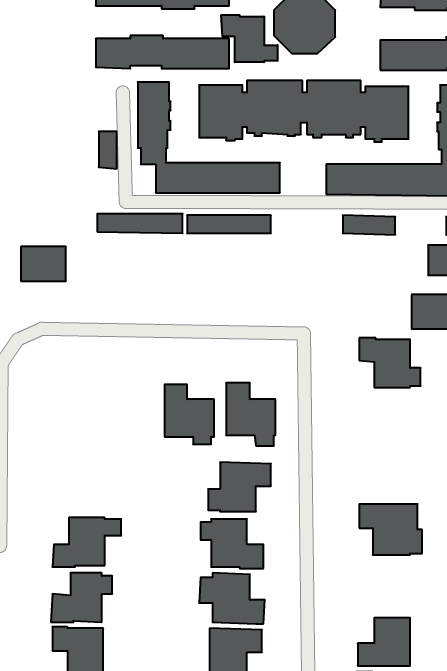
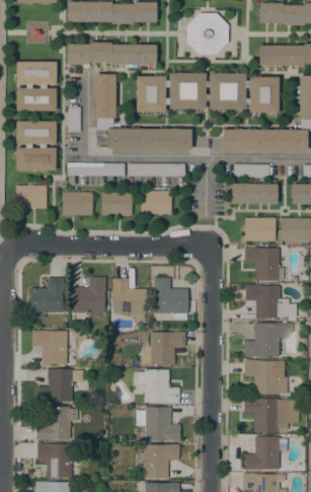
building: [221,15,278,62] -> none
building: none -> [16,62,57,112]
building: none -> [16,122,57,171]
building: none -> [232,184,278,204]
building: none -> [141,191,171,214]
building: none -> [62,193,93,216]
building: none -> [102,193,133,216]
building: none -> [245,218,276,241]
building: none -> [72,277,106,312]
building: none -> [30,278,64,320]
building: none -> [245,285,297,319]
building: none -> [244,324,280,357]
building: none -> [32,331,76,364]
building: none -> [244,399,299,432]

